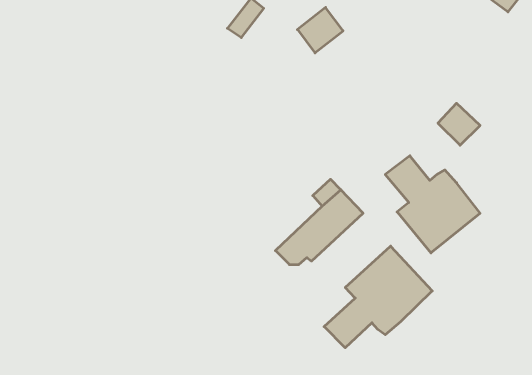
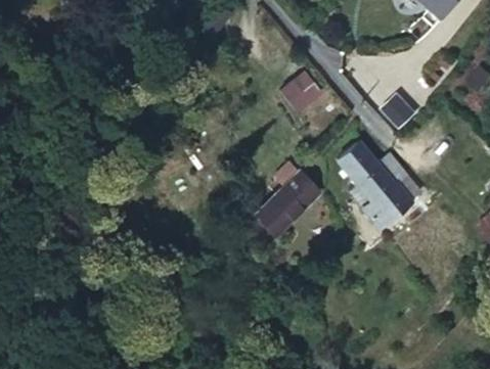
building: [297,7,343,53] -> [282,72,322,111]
building: [324,246,432,348] -> none

